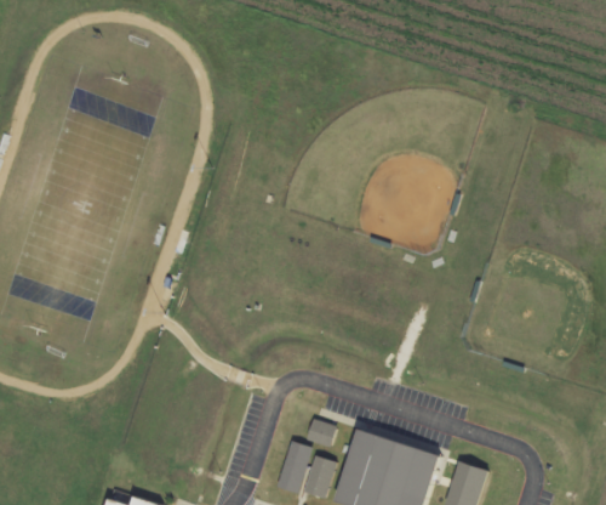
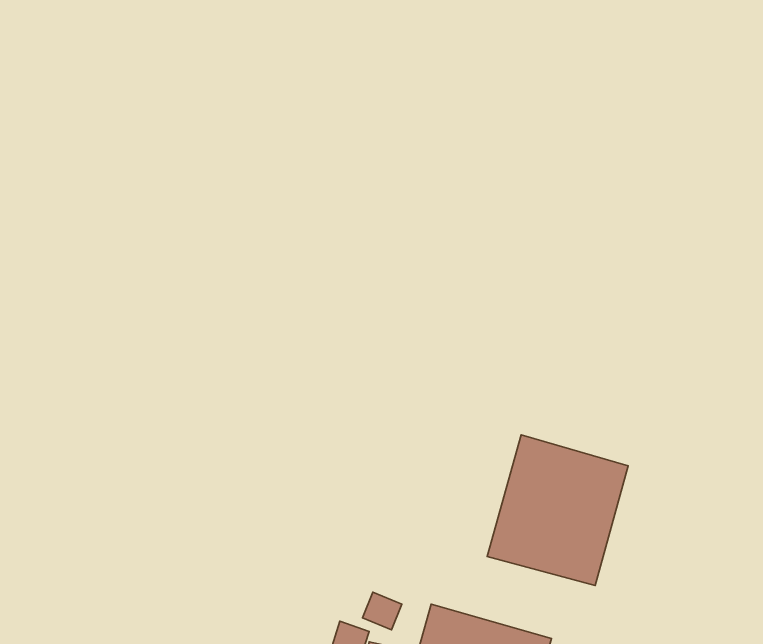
building: none -> [487,435,628,585]

